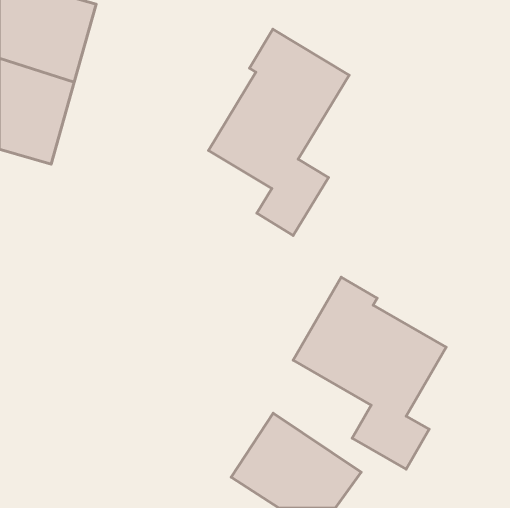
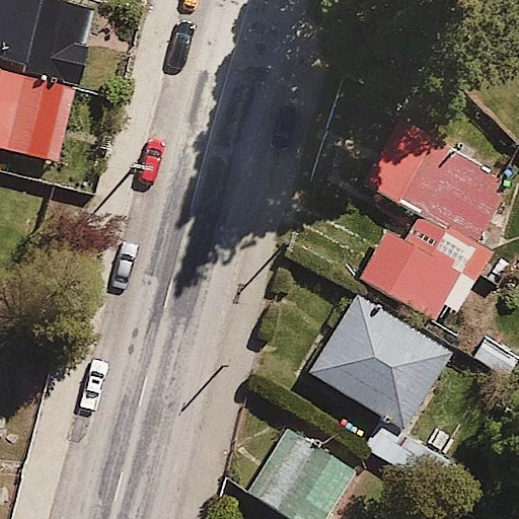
building: [208,29,349,235] -> none
building: none -> [365,150,513,323]

